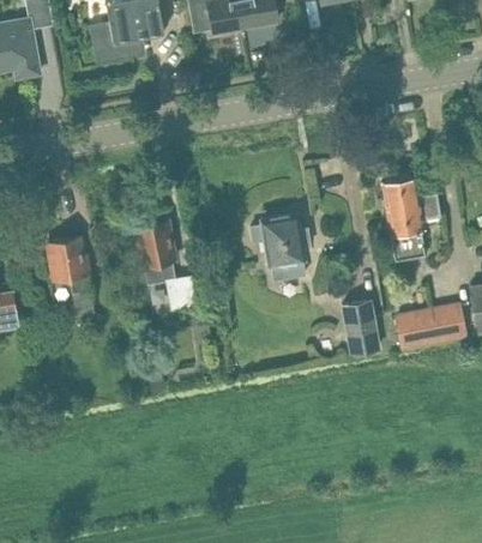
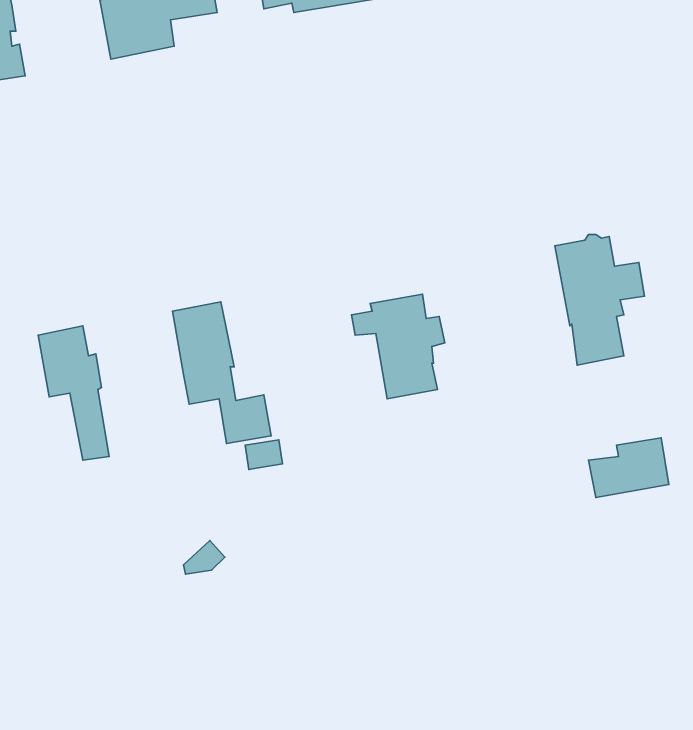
building: [342,301,379,352] -> none

